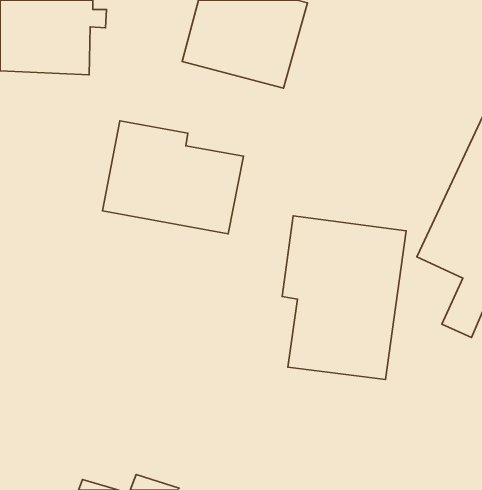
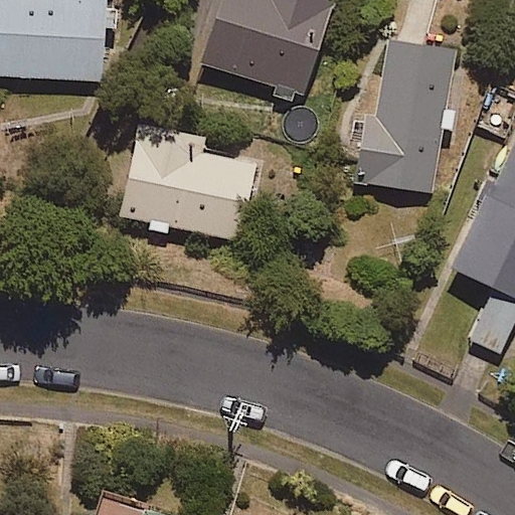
building: none -> [356,39,457,192]
building: [282,216,406,379] -> none

